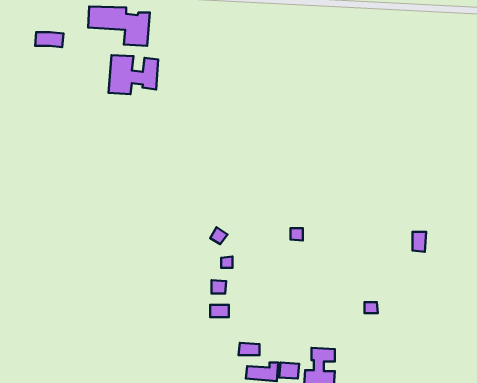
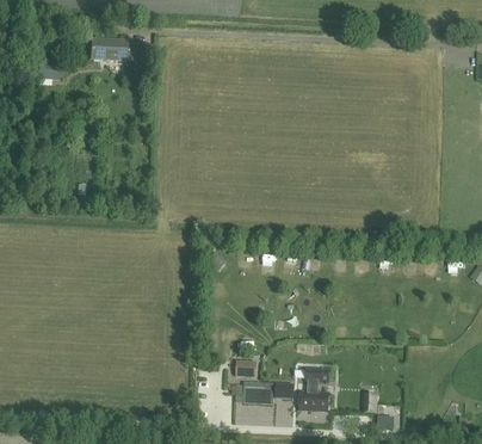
building: [109,55,158,94] -> none

